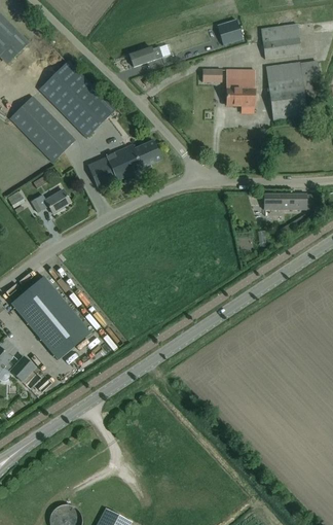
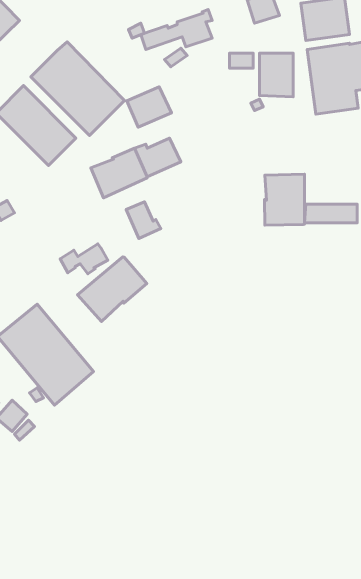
building: none -> [127,87,172,127]
building: none -> [265,174,305,225]
building: [31,188,70,213] -> [60,244,108,274]
building: none -> [126,202,161,238]
building: none -> [77,257,147,321]

